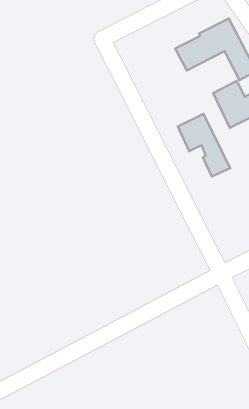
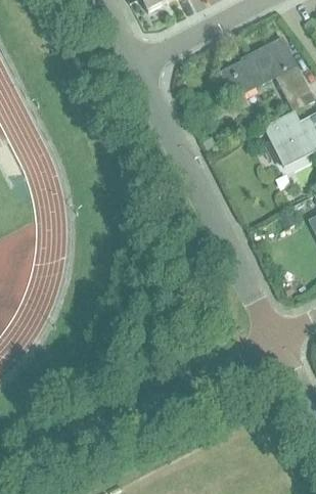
building: [178,114,230,176] -> none

